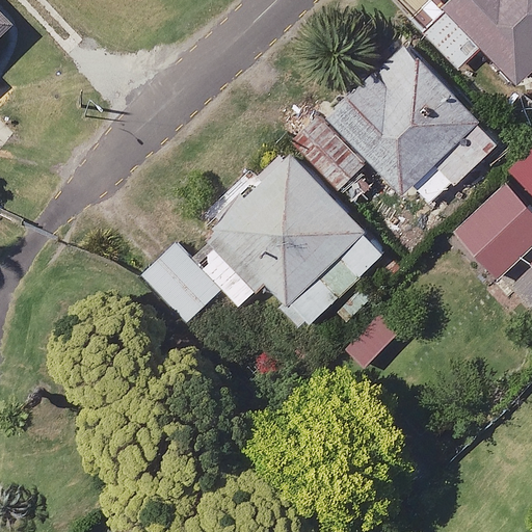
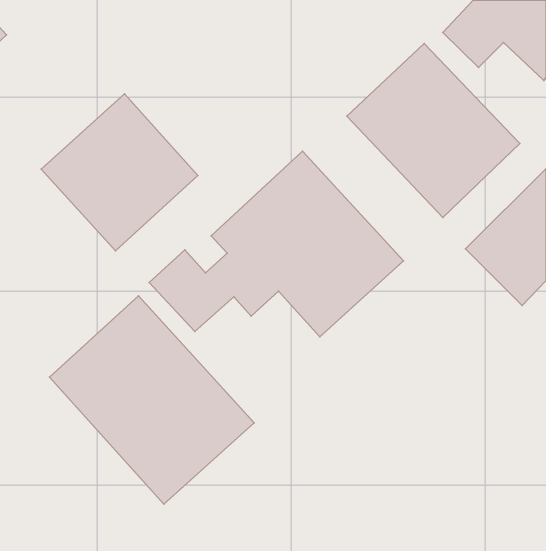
building: none -> [41,94,198,251]
building: none -> [49,296,254,504]

